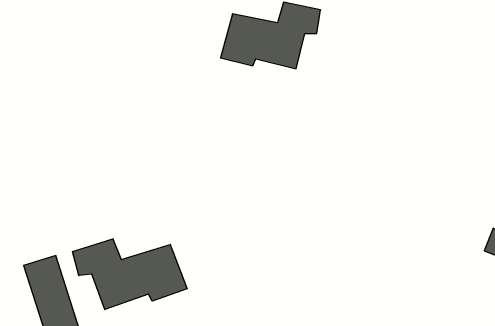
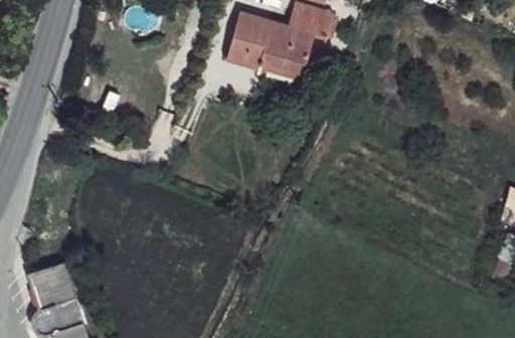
building: [72,239,187,310] -> none

